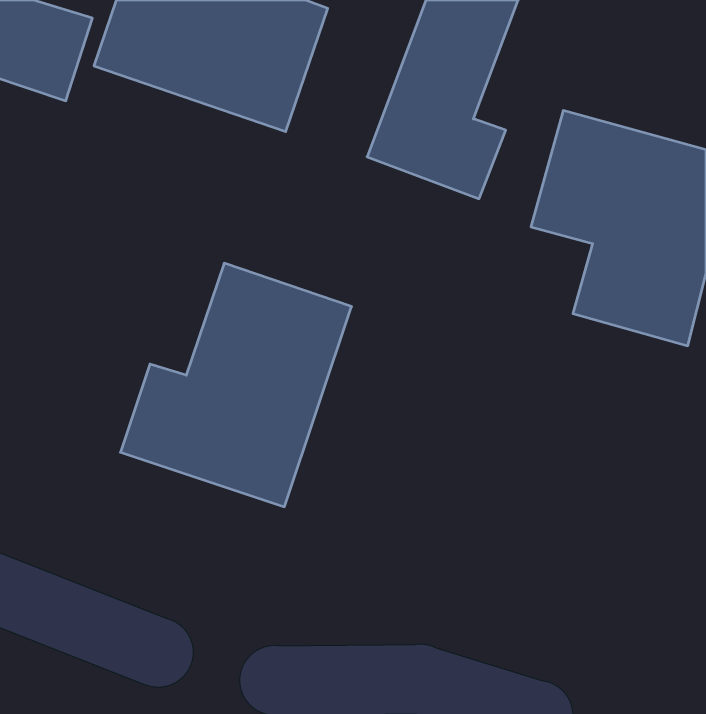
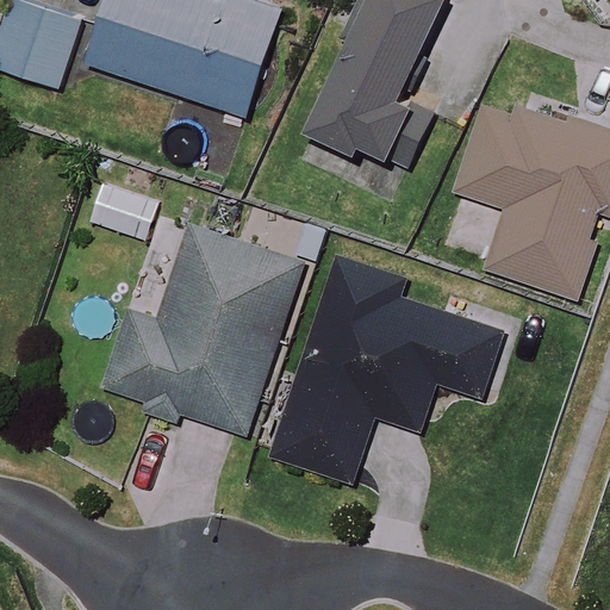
building: none -> [272,257,497,480]

